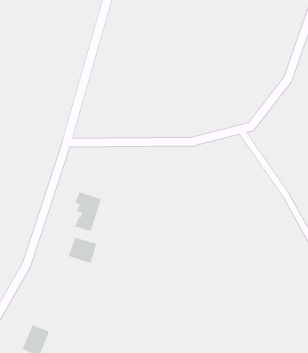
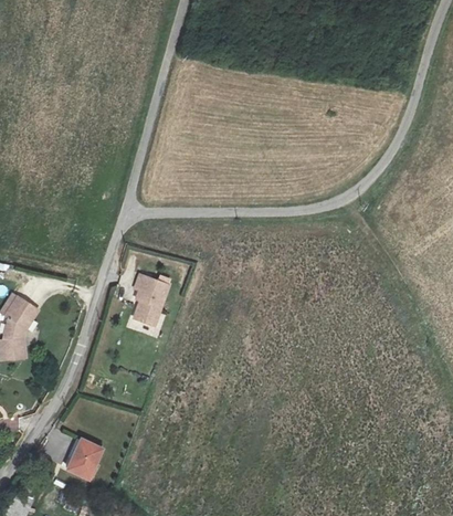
building: [68,237,97,264] -> none

